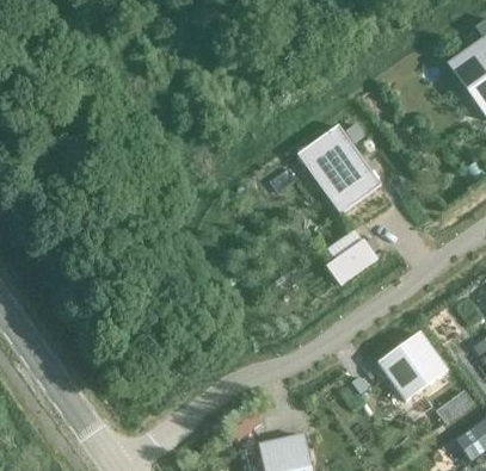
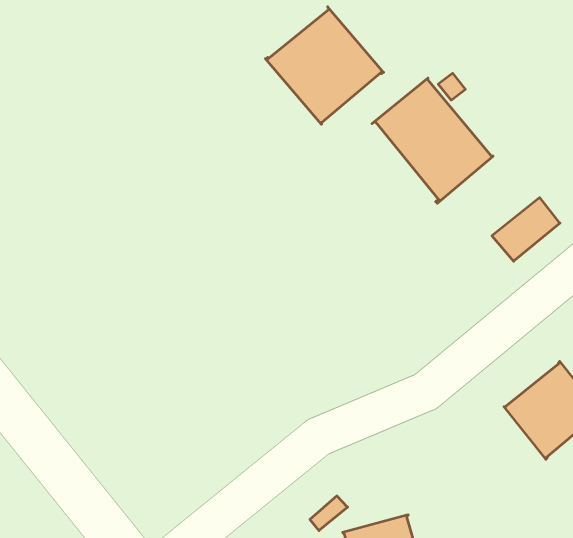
building: none -> [265,7,384,124]
building: [324,242,373,286] -> [492,198,560,261]

